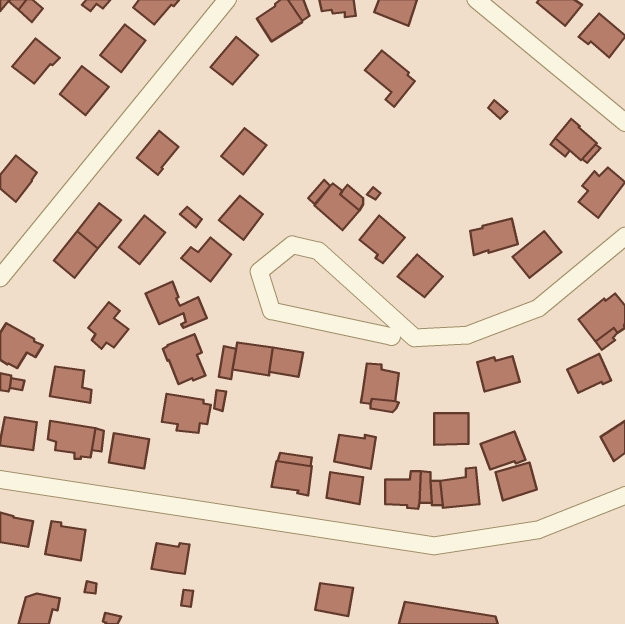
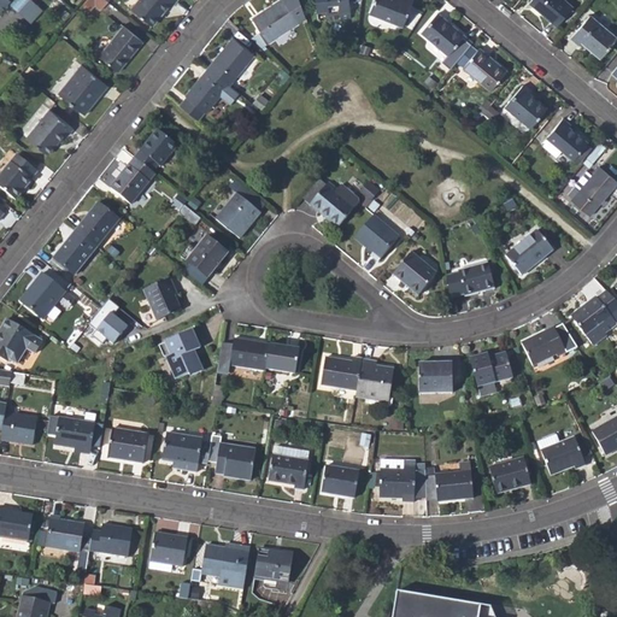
building: [12,38,60,84] -> [27,108,74,153]
building: none -> [463,47,506,89]
building: [365,51,415,107] -> [421,11,470,66]
building: none -> [505,83,547,125]
building: [221,128,266,175] -> [184,66,229,112]
building: [119,215,165,264] -> [110,155,155,204]
building: [470,219,518,255] -> [446,260,493,296]
building: none -> [19,272,64,318]
building: [567,354,611,393] -> [522,325,565,364]
building: [50,366,91,403] -> none
building: [162,394,211,433] -> [161,431,210,470]
building: [434,413,468,445] -> [418,362,452,393]
building: [480,432,526,470] -> [540,436,584,474]
building: [334,435,376,469] -> [321,355,362,389]
building: none -> [215,442,254,478]
building: none -> [89,523,131,556]
building: none -> [200,542,249,587]
building: [315,583,353,616] -> [255,548,293,581]

